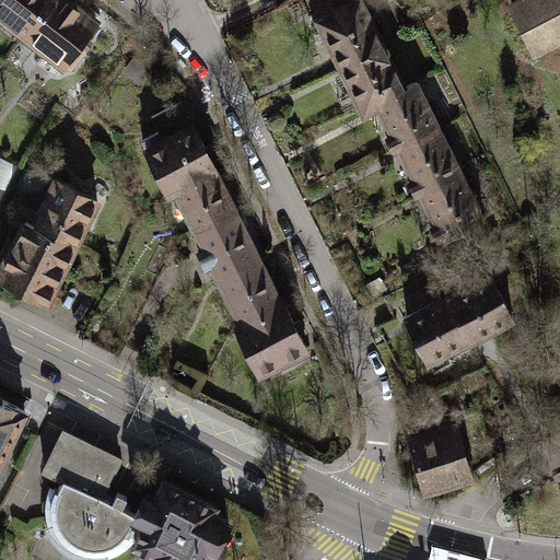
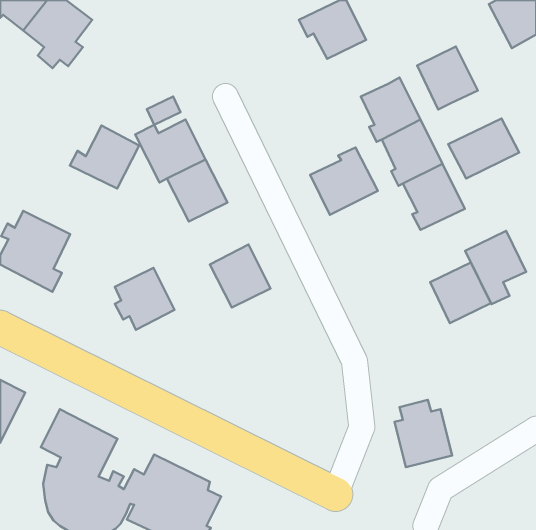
building: [341,48,405,114] -> [417,47,478,110]
building: none -> [448,118,519,178]
building: none -> [310,147,378,215]
building: [24,185,96,250] -> [70,126,139,189]
building: [197,218,259,282] -> [115,268,175,330]
building: [406,301,469,377] -> [465,231,526,304]
building: [236,306,306,377] -> none

